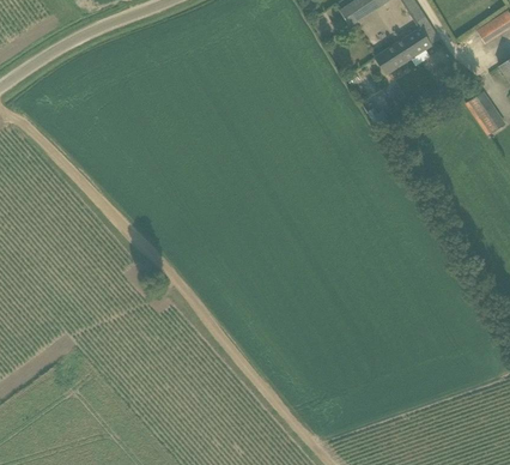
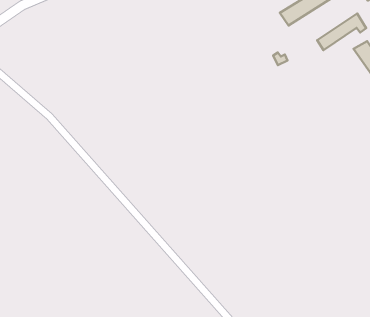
building: none -> [317,14,366,50]

